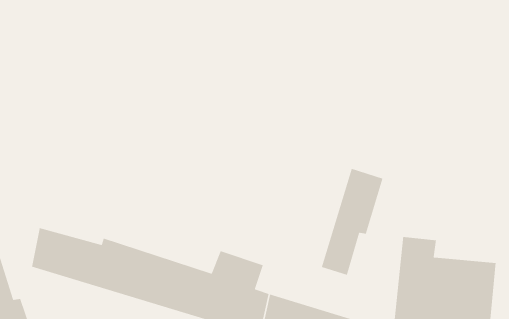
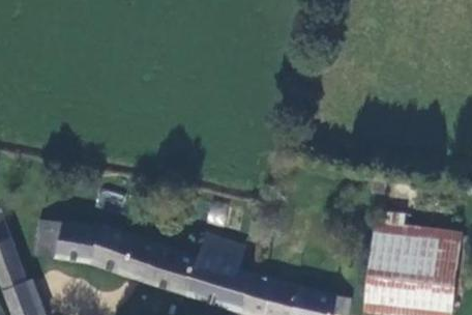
building: [321,168,384,276] -> none

